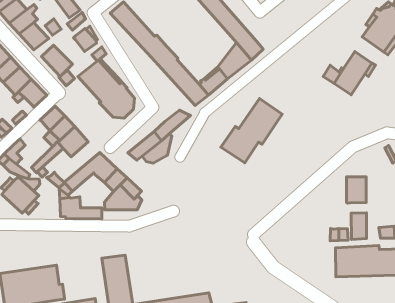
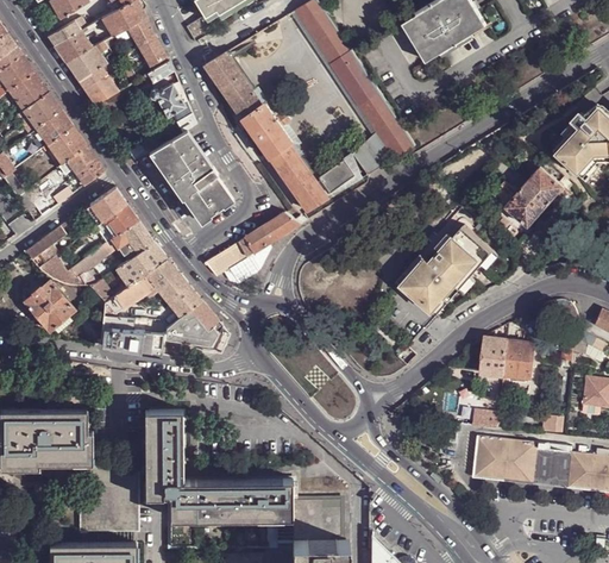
building: [41,45,72,76] -> none
building: [221,98,282,163] -> [401,225,492,312]
building: none -> [114,243,167,286]
building: [351,213,367,240] -> [479,337,506,375]

